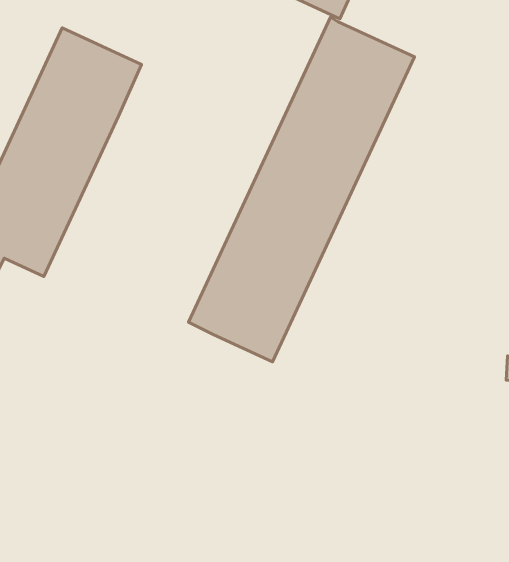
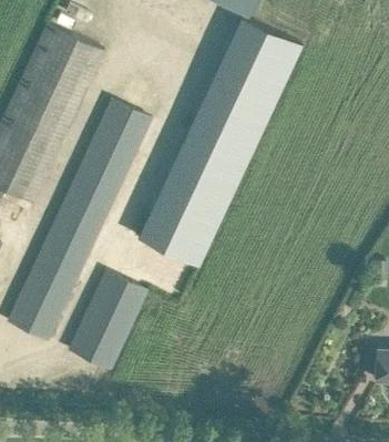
building: none -> [9,100,153,340]
building: none -> [70,271,147,369]

